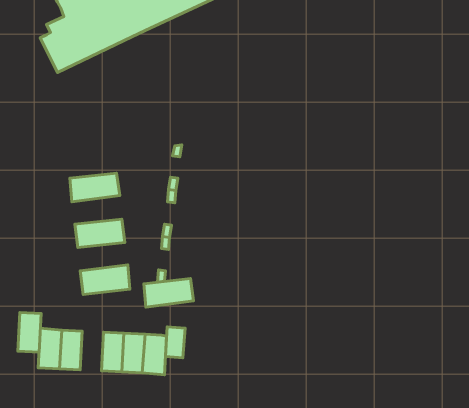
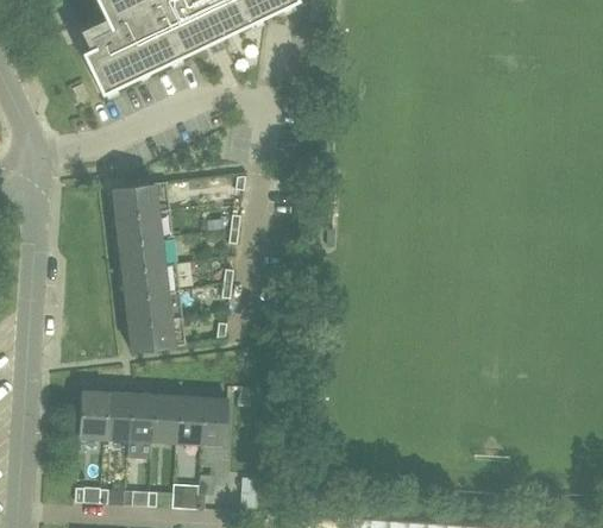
building: none -> [112,182,170,216]
building: none -> [118,237,176,270]
building: [144,279,194,307] -> [125,291,183,325]
building: [18,313,41,352] -> [127,395,155,441]
building: [166,327,185,358] -> none

